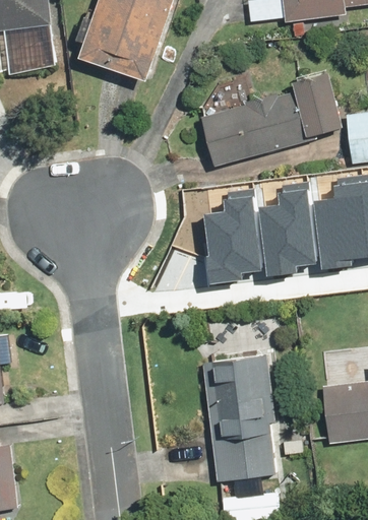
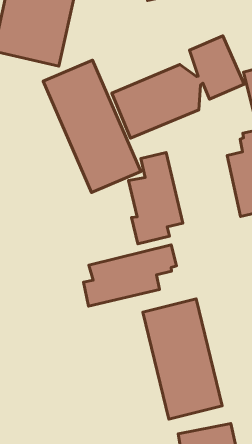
building: none -> [43,60,141,192]
building: [261,181,316,277] -> none
building: none -> [83,245,176,306]

